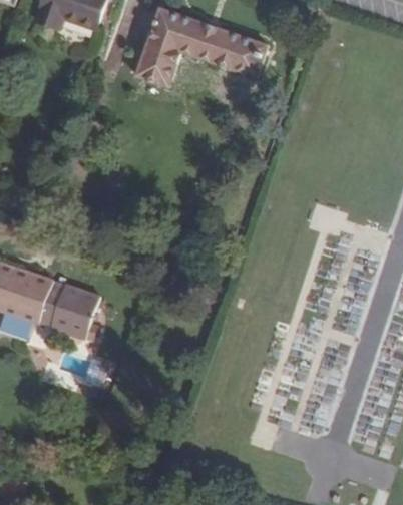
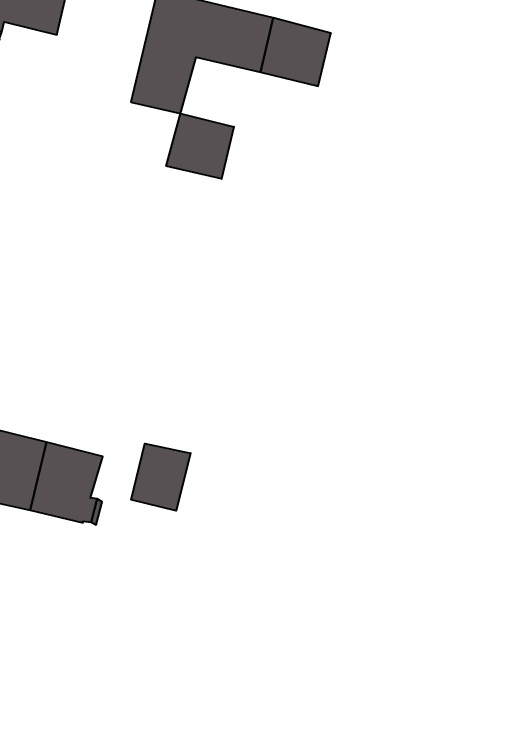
building: none -> [166,114,234,179]
building: none -> [131,444,191,511]

